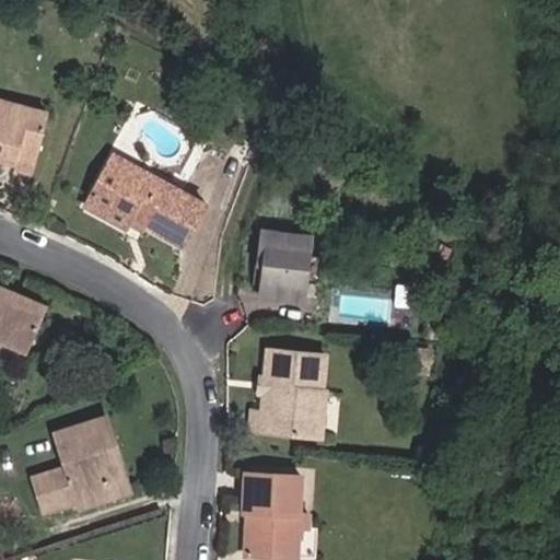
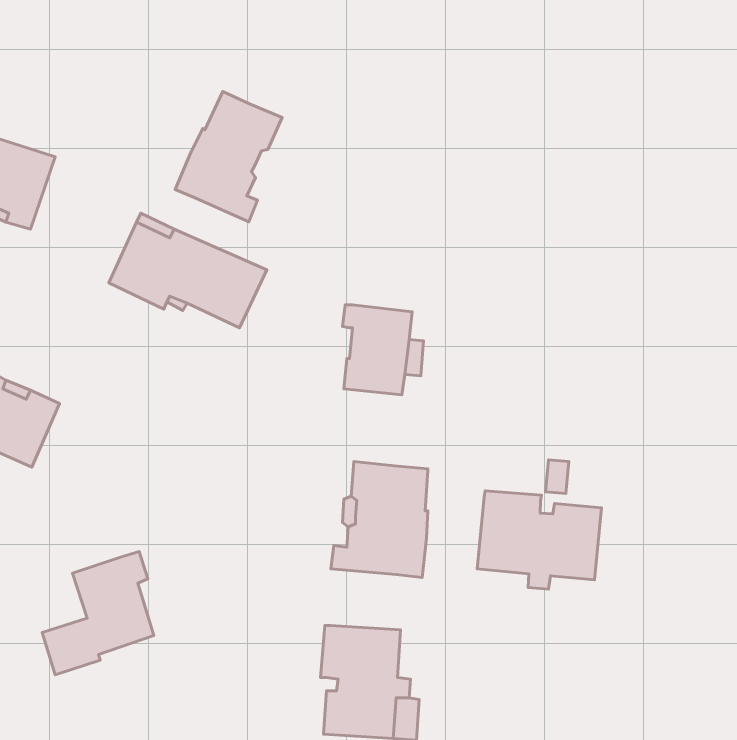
building: none -> [175,92,282,222]
building: none -> [477,491,601,589]
building: [74,436,129,506] -> none

